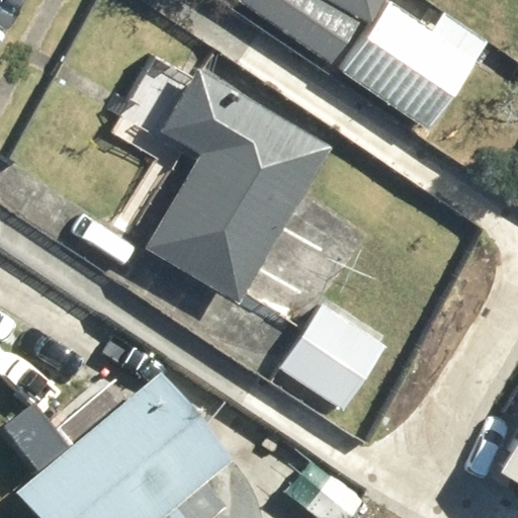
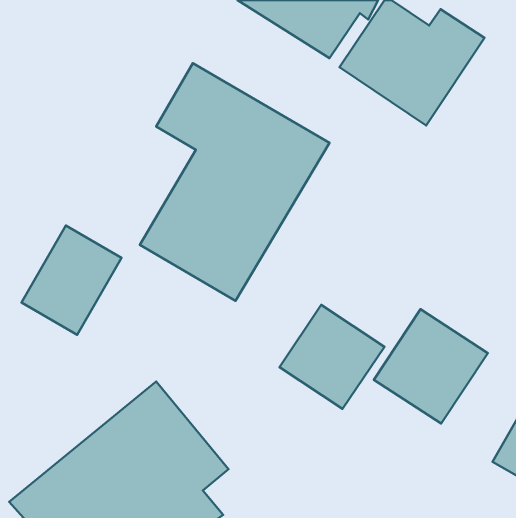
building: none -> [21,225,122,335]
building: none -> [374,309,488,424]

